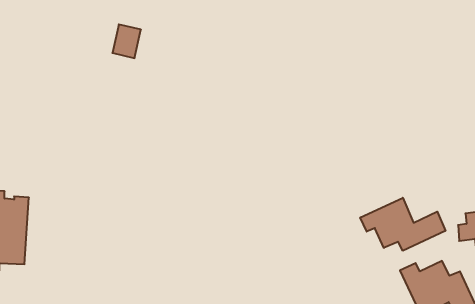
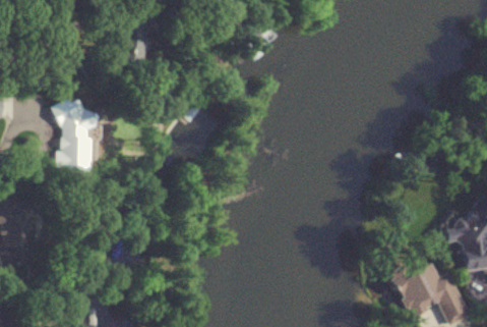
building: none -> [54,101,94,171]
building: [360,198,445,251] -> none

